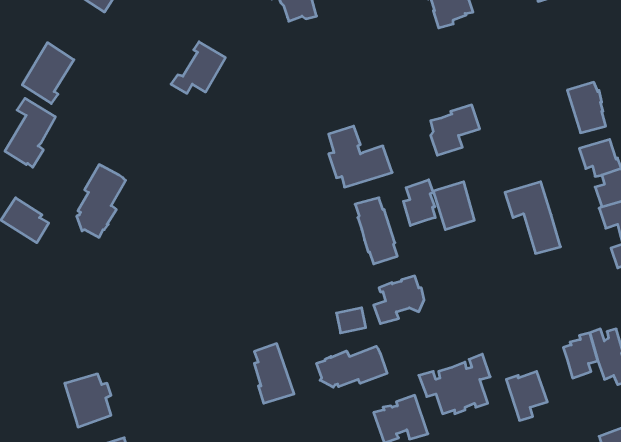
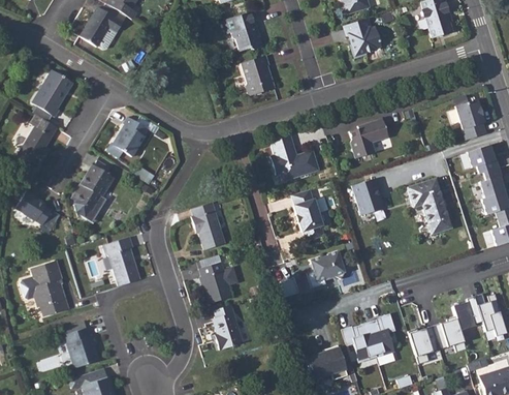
building: none -> [241,56,275,96]
building: [171,42,225,93] -> [105,117,148,157]
building: [403,180,435,226] -> none
building: none -> [191,203,226,251]
building: none -> [103,238,140,285]
building: none -> [22,261,70,317]
building: none -> [200,263,233,304]
building: [317,346,387,387] -> none
building: none -> [433,316,467,352]

